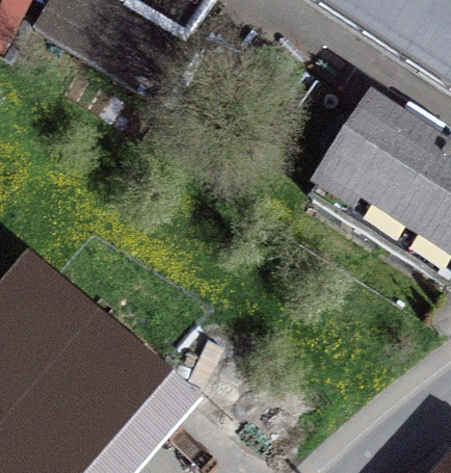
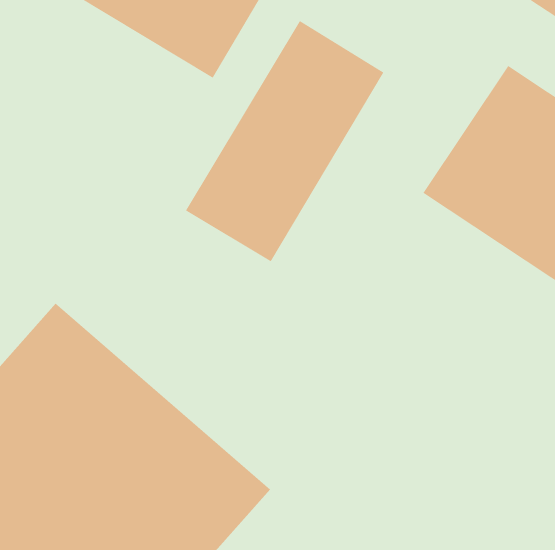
building: none -> [185,20,384,262]

